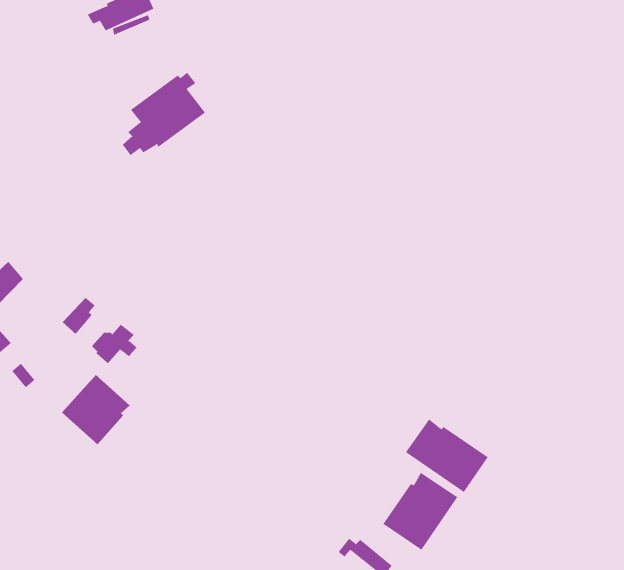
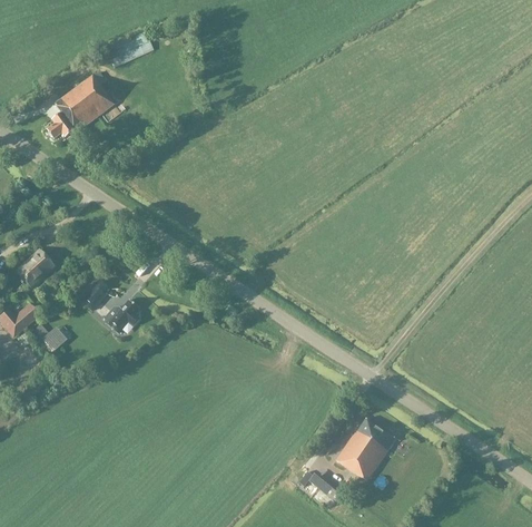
building: [122,72,206,156] -> [48,71,115,138]
building: [61,374,130,445] -> none
building: [405,418,489,493] -> none

